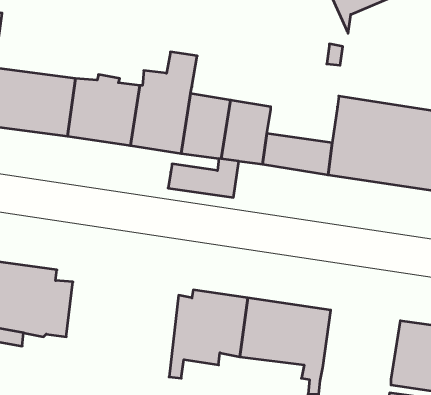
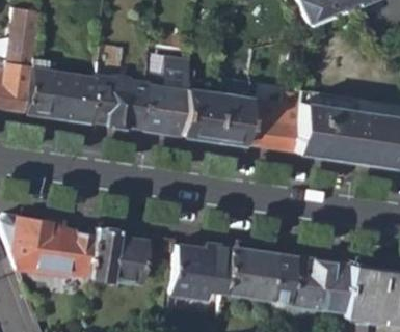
building: [168,159,239,197] -> [244,98,299,128]
building: none -> [88,228,146,284]
building: none -> [286,257,348,314]

